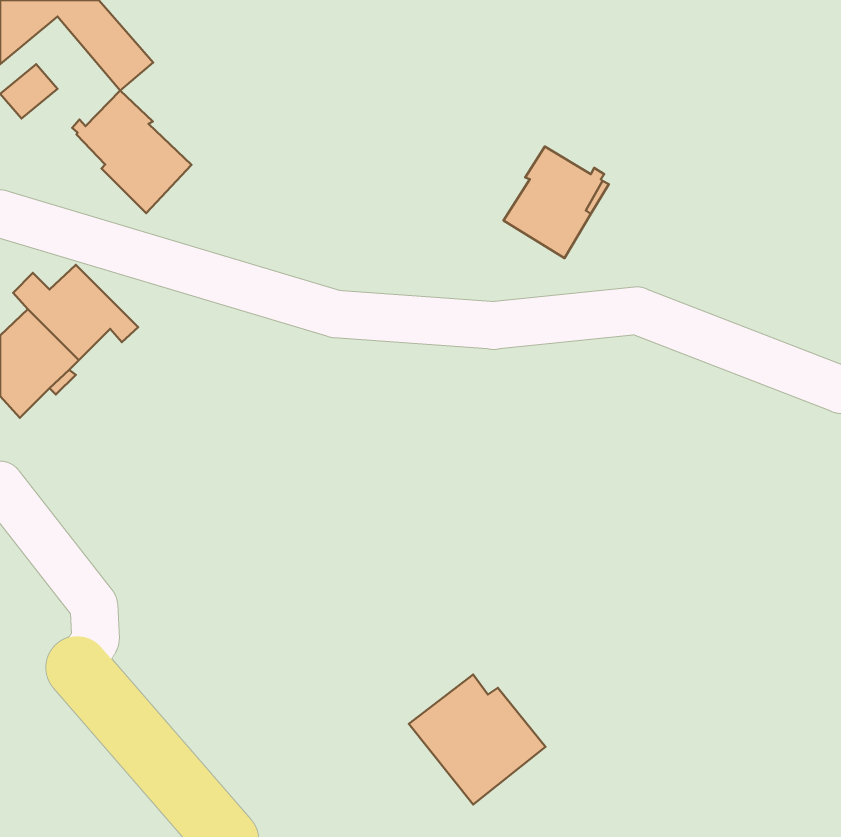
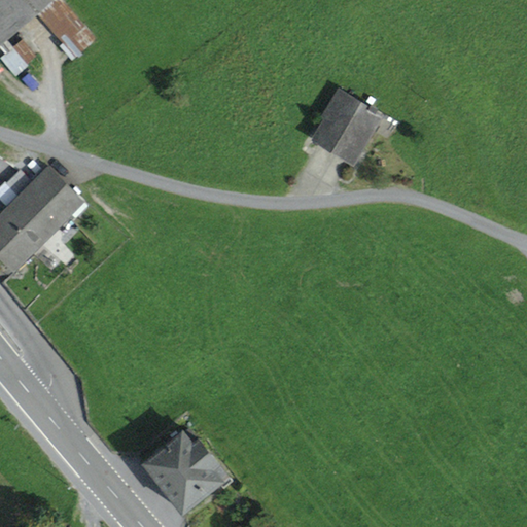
building: [72,90,192,213] -> none
building: [409,675,545,805] -> [143,432,229,514]

